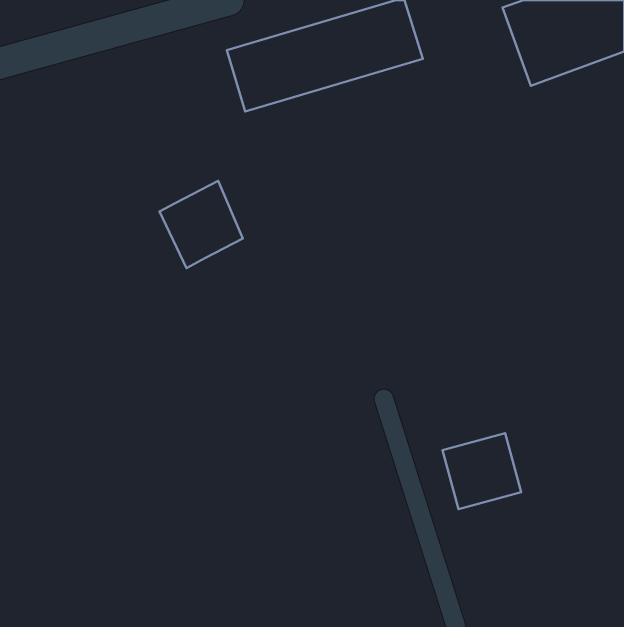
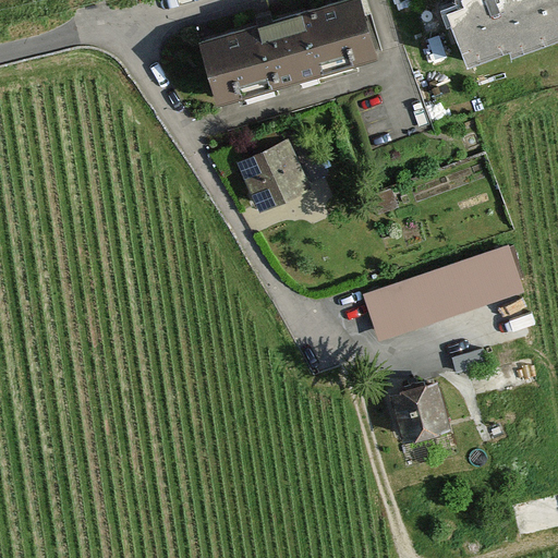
building: [159,181,243,268] -> [235,133,310,210]
building: none -> [362,245,520,336]

